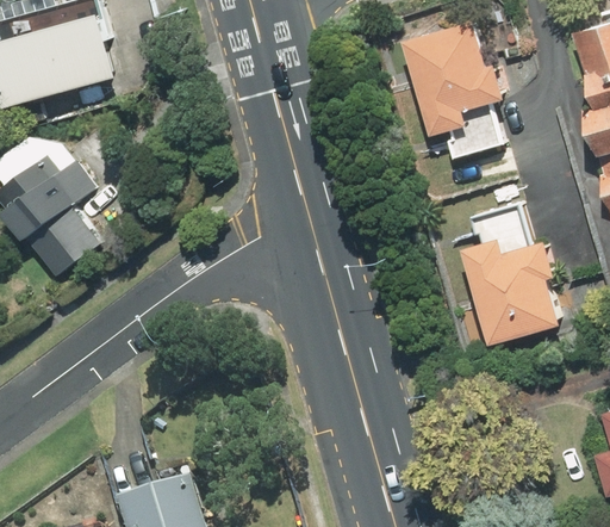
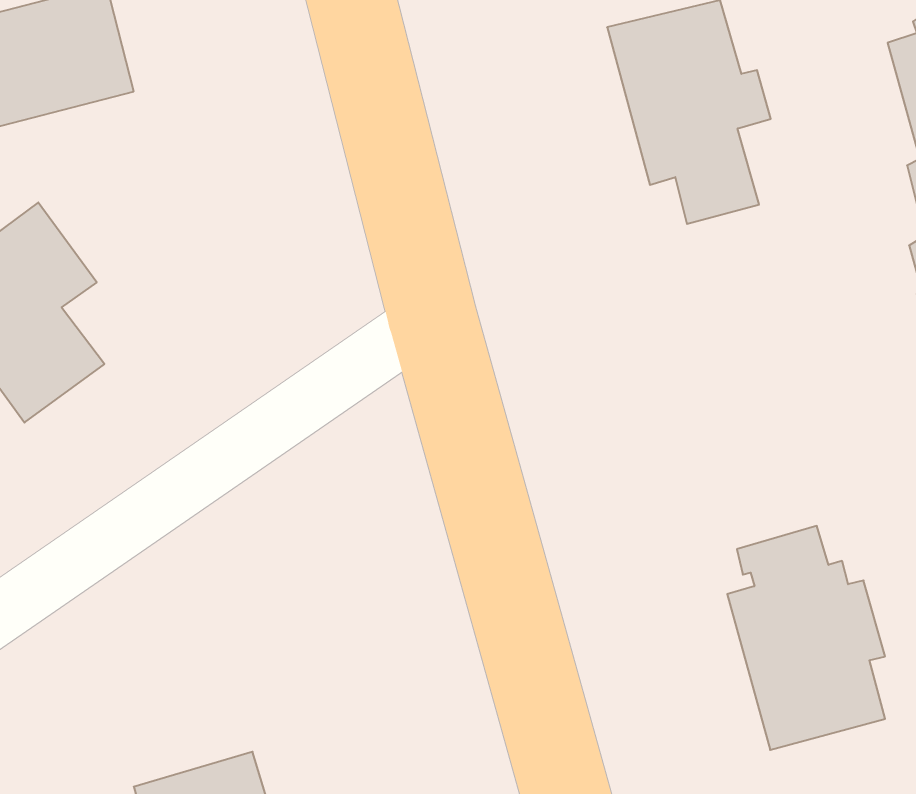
building: [463,204,560,341] -> [727,526,885,750]

